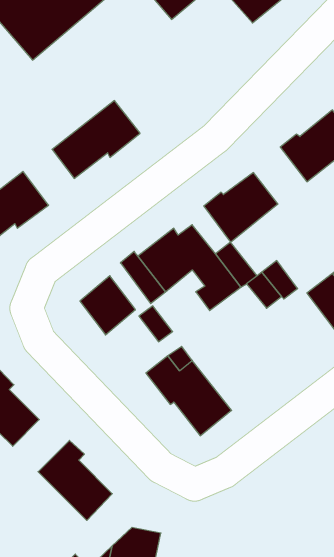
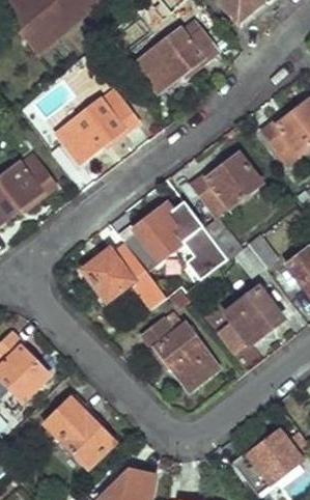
building: none -> [136,20,217,90]
building: none -> [230,285,282,343]
building: none -> [235,433,302,493]

